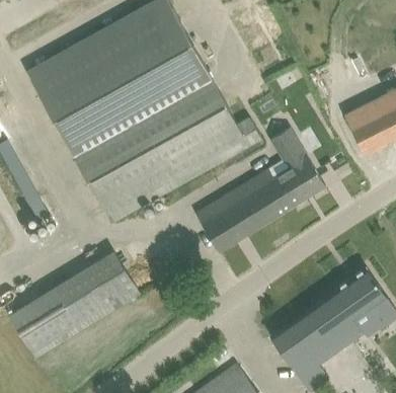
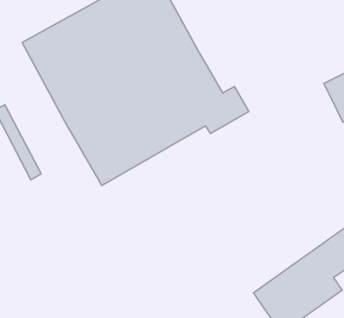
building: [196,127,326,251] -> none
building: [10,251,140,357] -> none

